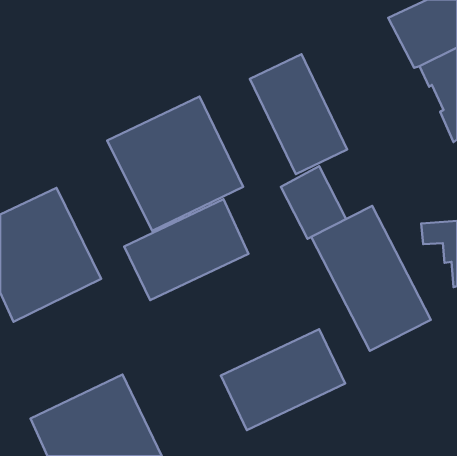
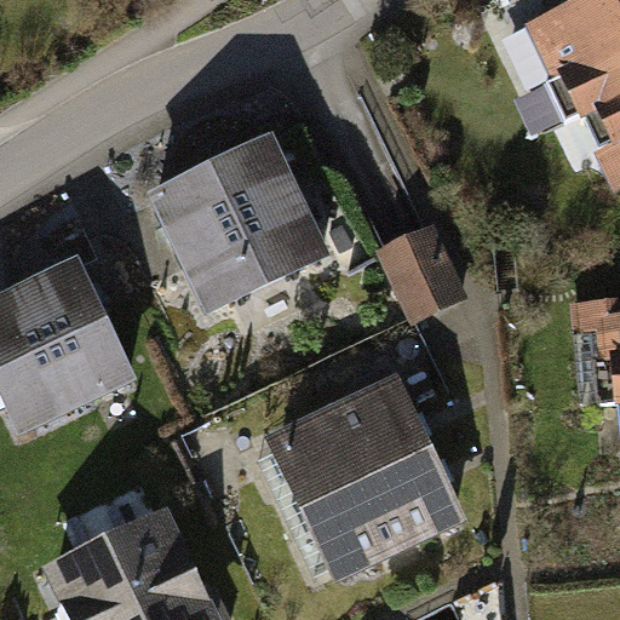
building: [250,54,347,174] -> none
building: [124,199,249,300] -> [264,372,432,509]
building: [311,206,431,351] -> none

